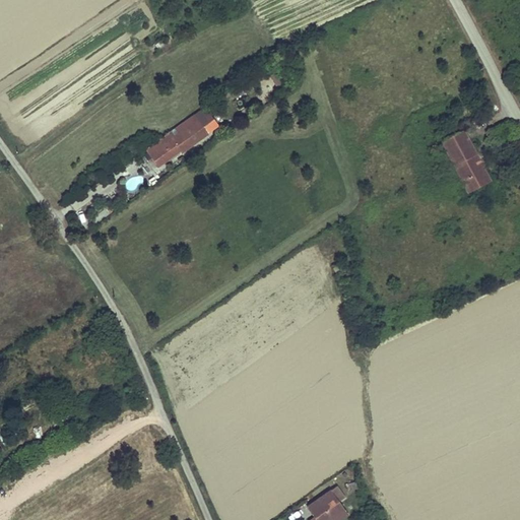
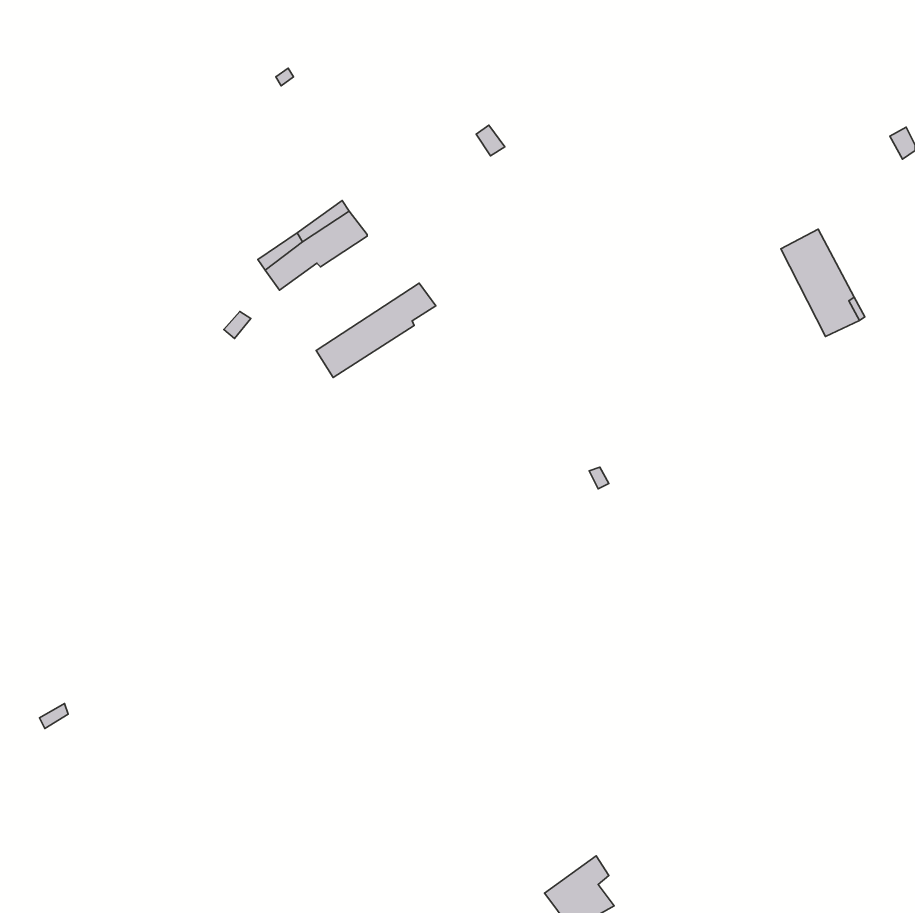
building: [194,104,219,134] -> none
building: none -> [316,283,436,377]

